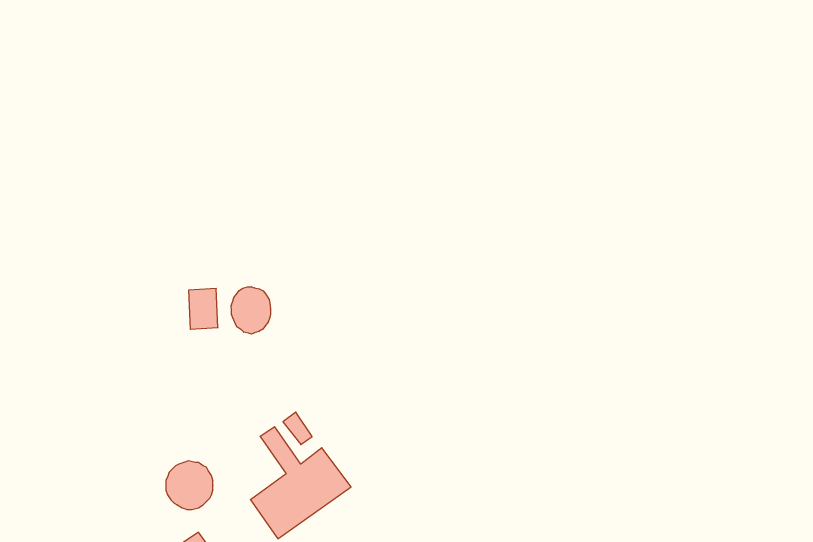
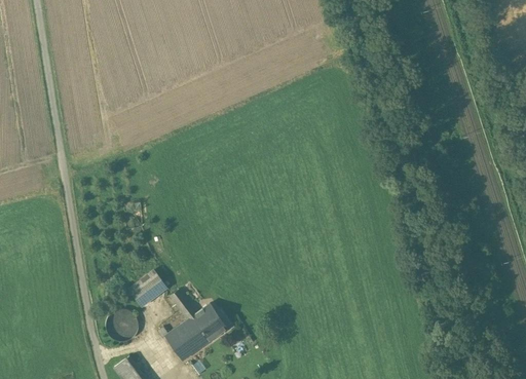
building: [231,287,271,334] -> none
building: none -> [128,270,166,306]

